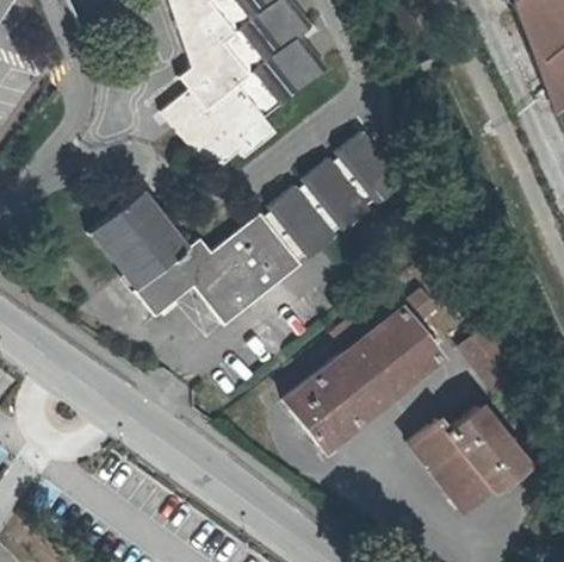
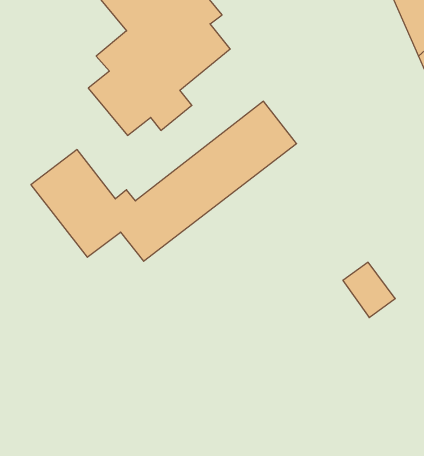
building: [287,288,445,450] -> none
building: [404,399,533,513] -> none

